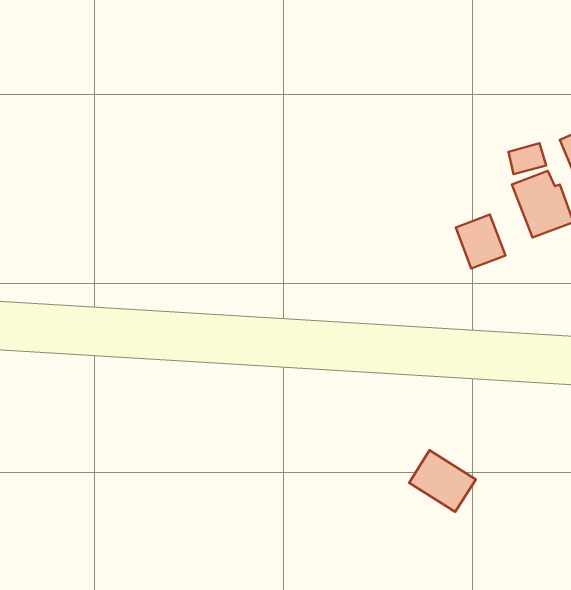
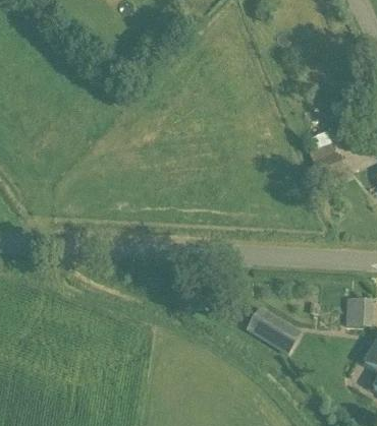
building: [456,214,505,268] -> none

